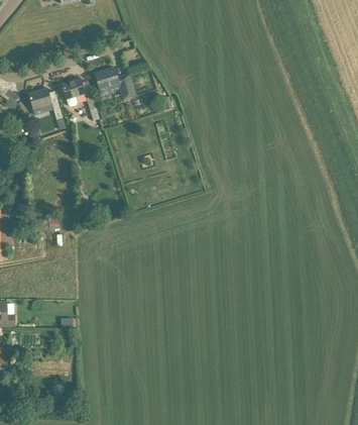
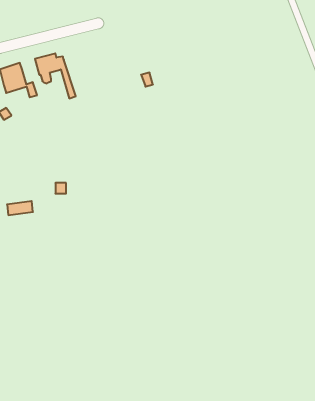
building: [94,67,135,100] -> none

